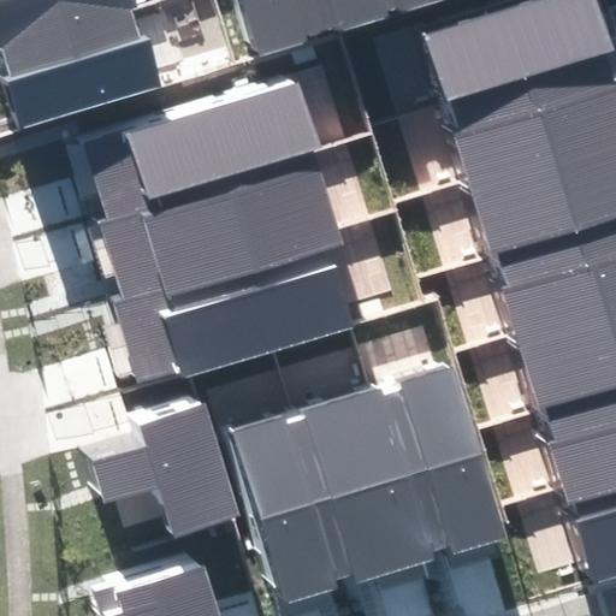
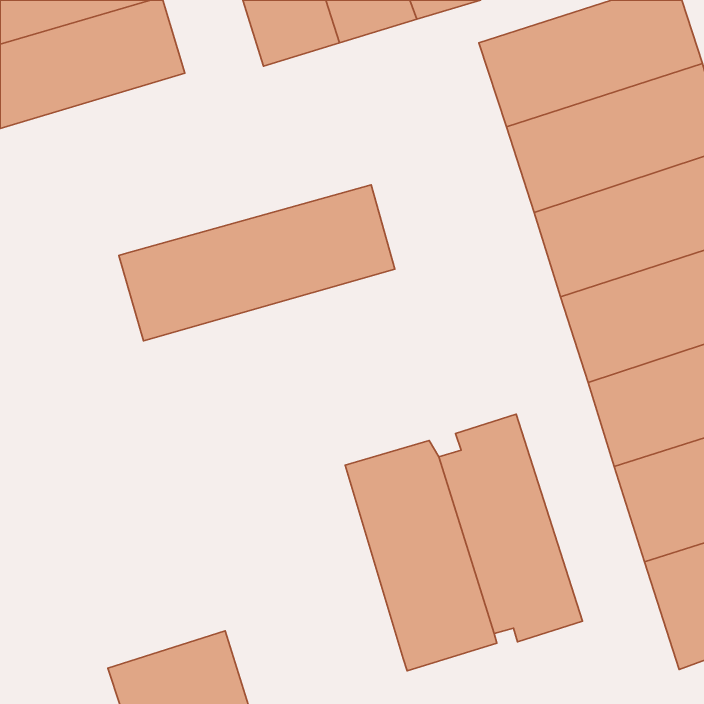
building: [87,83,325,223] -> none
building: [117,236,367,383] -> none
building: [84,392,243,539] -> none
building: [223,407,353,610] -> none

